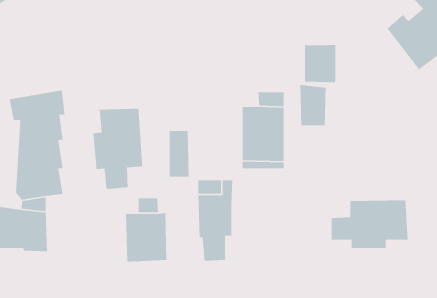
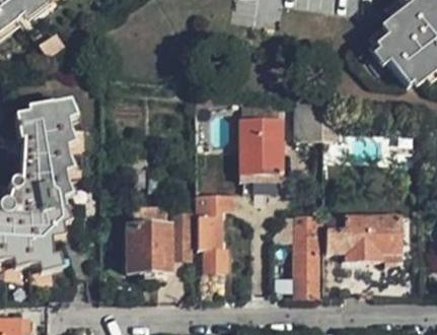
building: [304,44,336,83] -> none
building: [93,108,143,190] -> none
building: [169,130,190,177] -> [172,210,193,256]
building: none -> [280,184,317,294]

